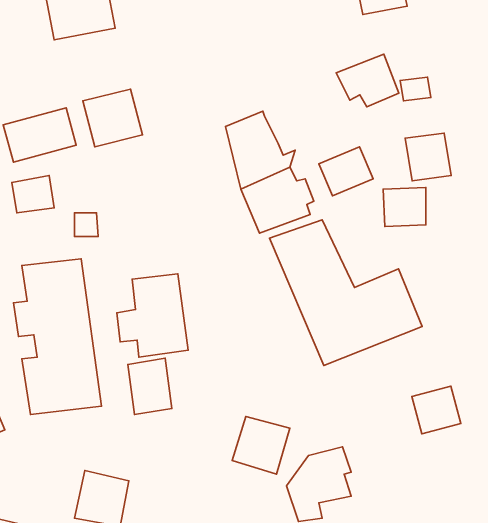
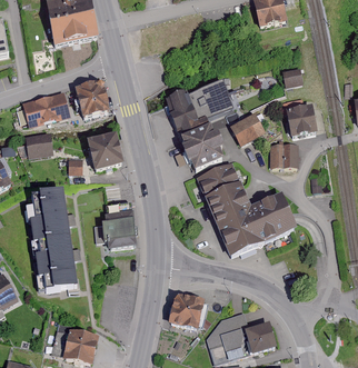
building: [336,54,399,107] -> [191,82,232,117]
building: none -> [89,136,129,172]
building: [128,358,172,415] -> none
building: [412,386,461,434] -> [248,321,280,352]

